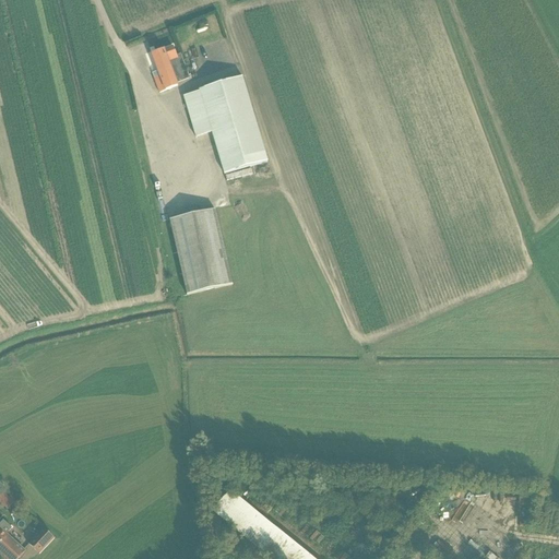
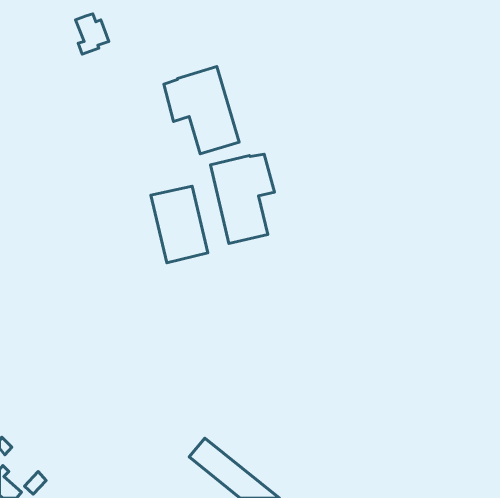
building: [151,45,188,90] -> [75,14,109,54]
building: none -> [210,154,274,244]

